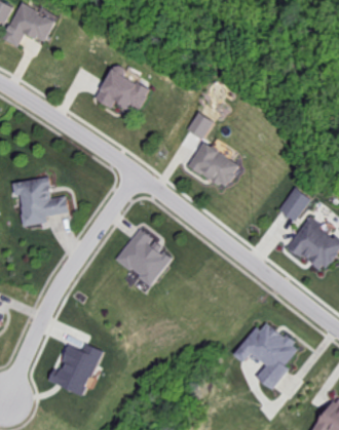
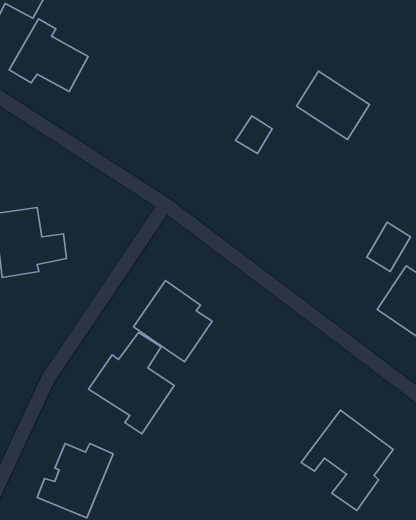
building: [95,63,150,114] -> [9,19,88,92]
building: [188,141,239,189] -> [297,71,370,140]
building: none -> [88,333,174,434]

